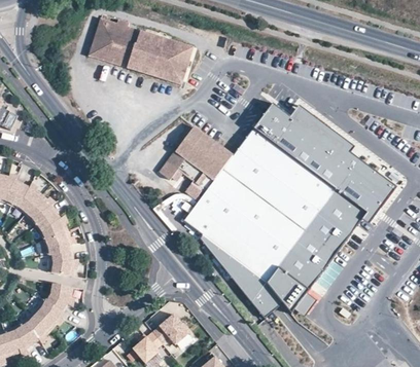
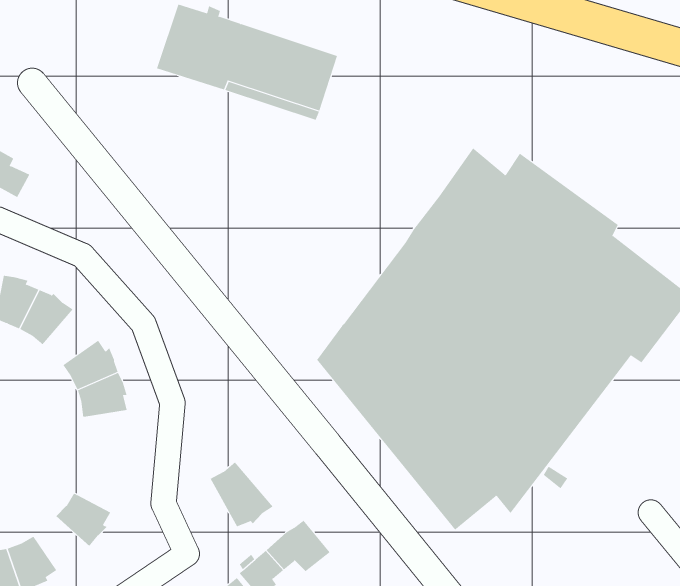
building: [157,125,232,201] -> none
building: [25,193,57,225] -> none
building: [47,251,76,276] -> none
building: none -> [210,462,274,527]
building: [44,282,73,309] -> none
building: [20,311,51,342] -> none

